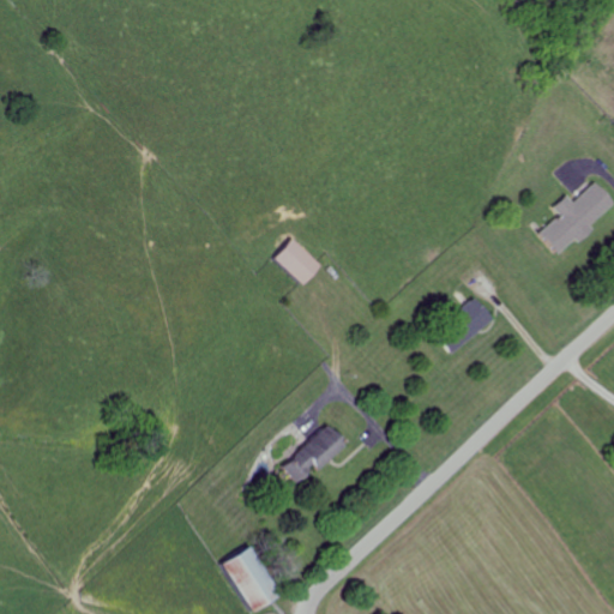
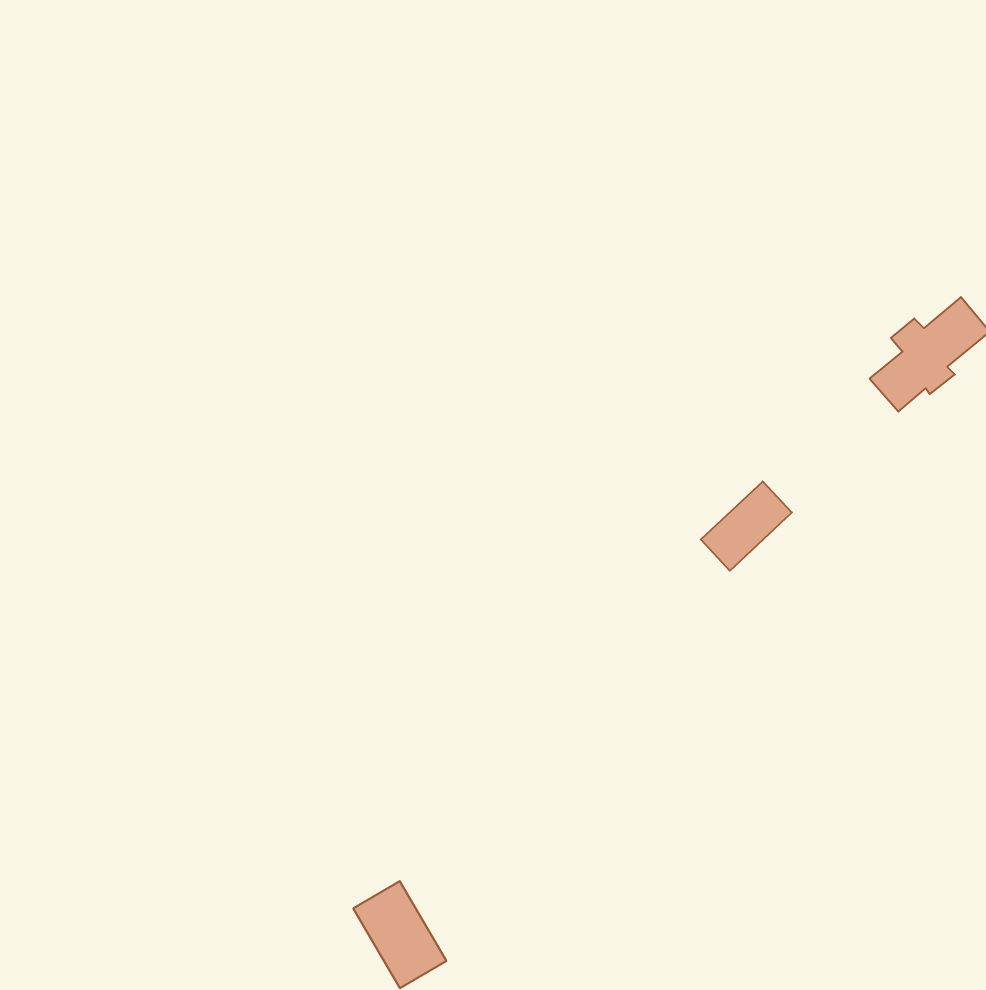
building: [275,237,321,284] -> none
building: [282,425,344,484] -> none

